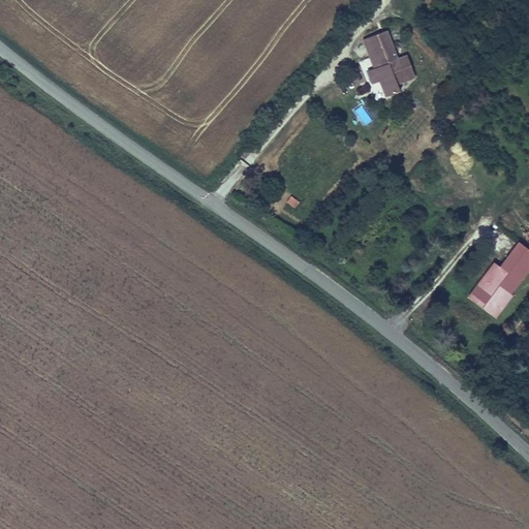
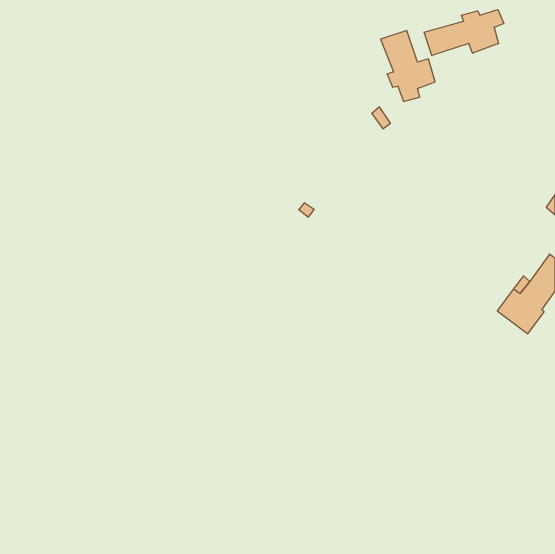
building: none -> [424,10,504,56]

